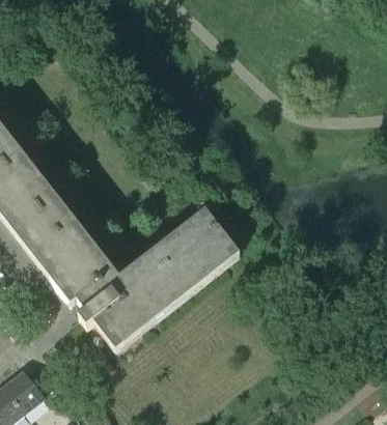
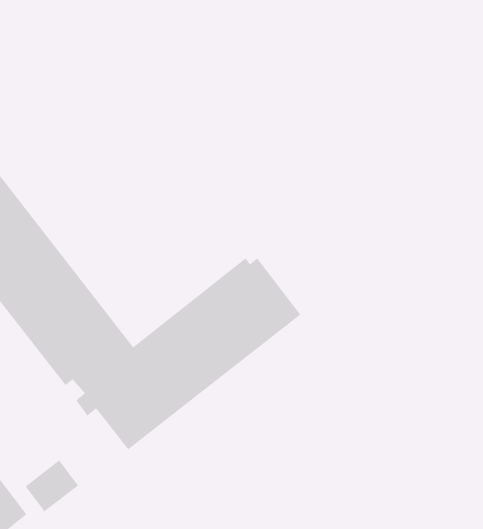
building: none -> [25,460,79,512]

